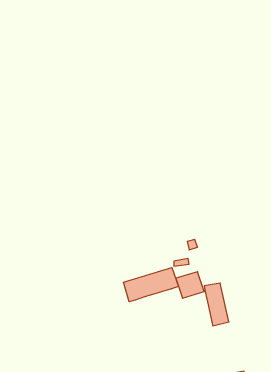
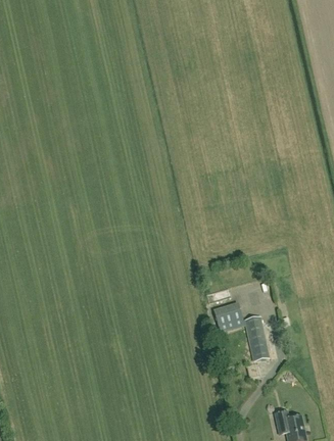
building: [124,268,179,302] -> none

